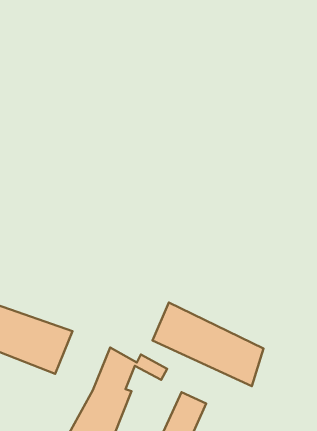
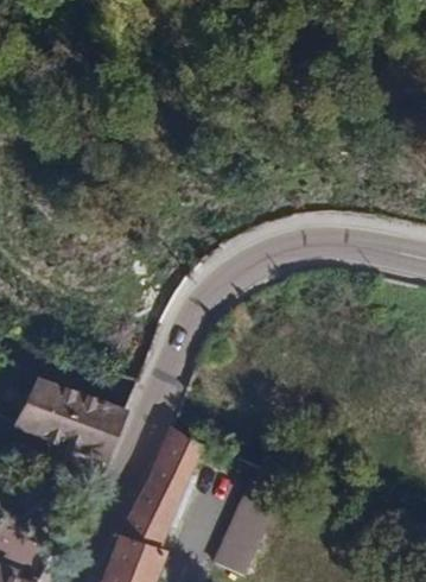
building: [152,302,263,386] -> none

